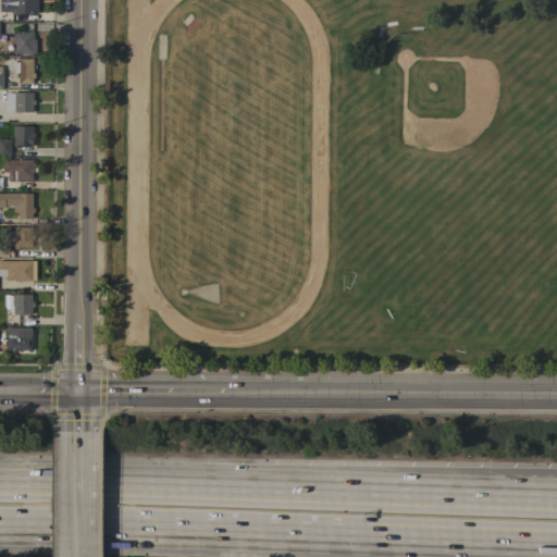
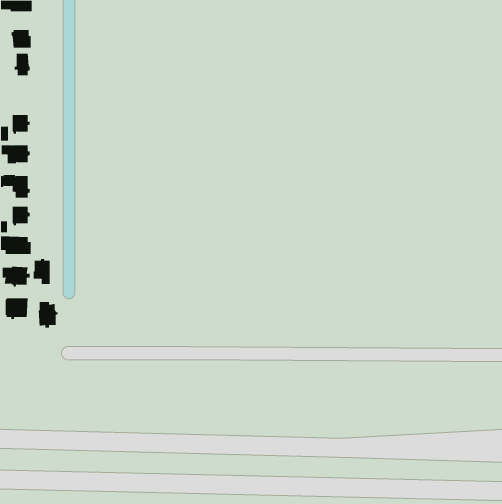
building: [7,91,36,114] -> none
building: none -> [33,258,50,285]
building: none -> [38,301,58,329]

